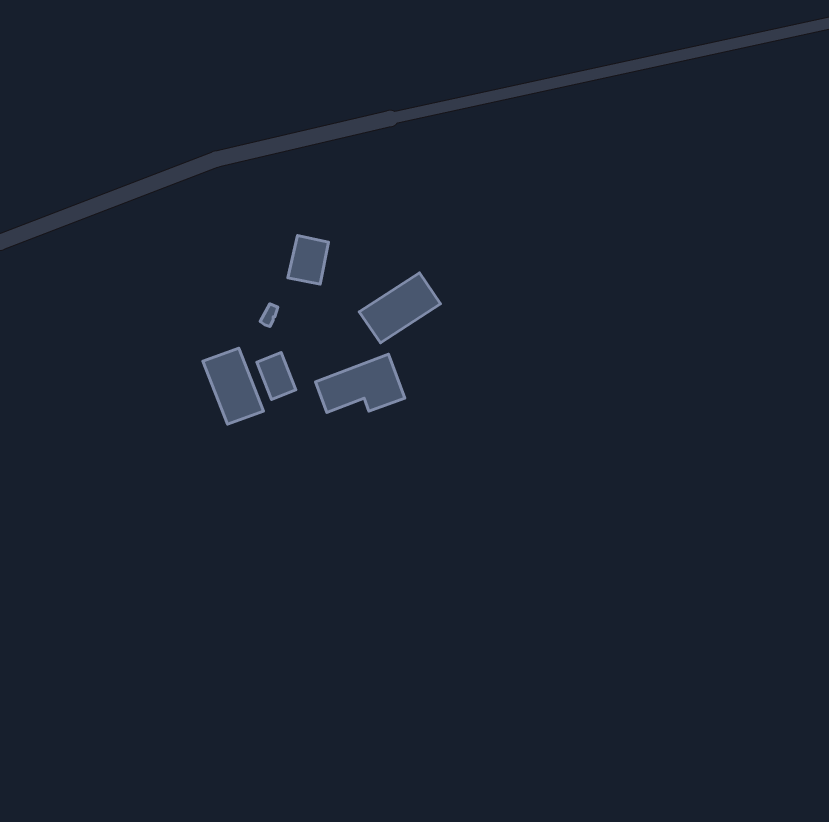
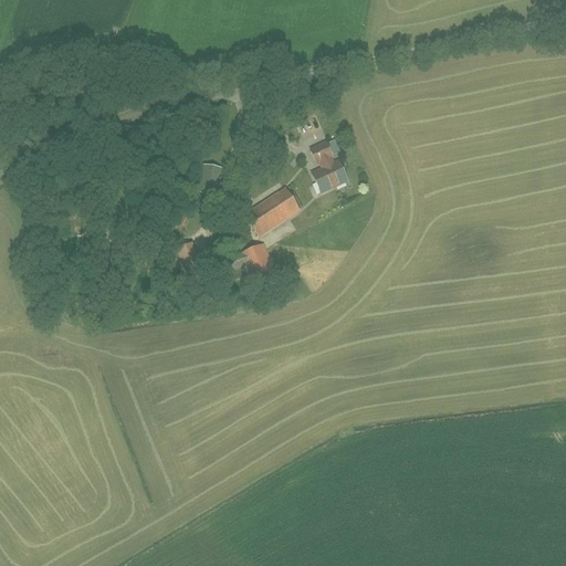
building: none -> [311,139,347,190]
building: [203,348,263,424] -> none

